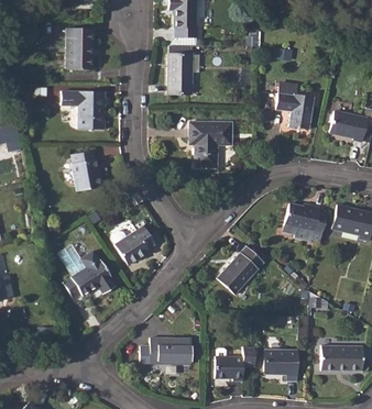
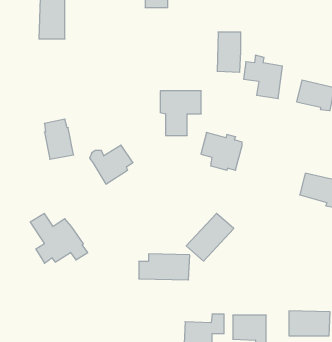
building: [168,53,193,93] -> [217,32,241,72]
building: [63,90,106,128] -> none
building: [285,202,327,241] -> [201,132,242,170]
building: [112,225,156,265] -> [90,145,133,184]
building: [141,336,193,363] -> [139,254,190,280]

